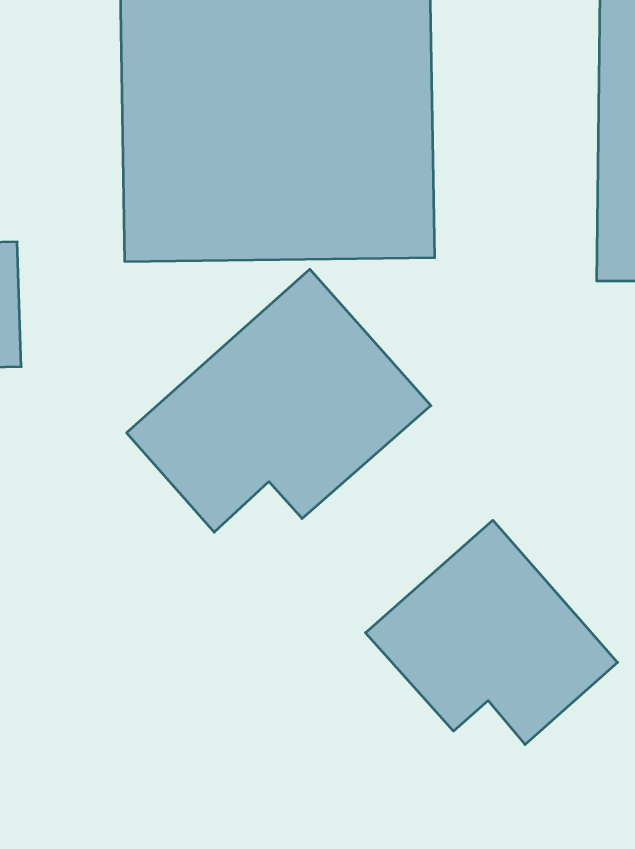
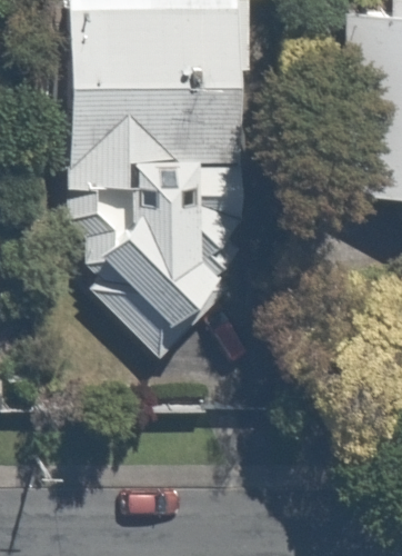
building: [365,520,618,745] -> none

